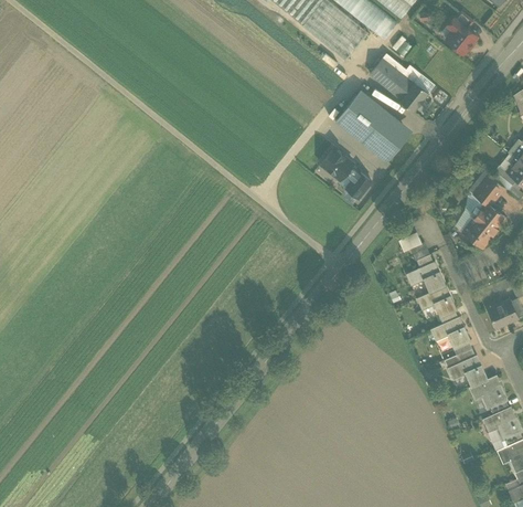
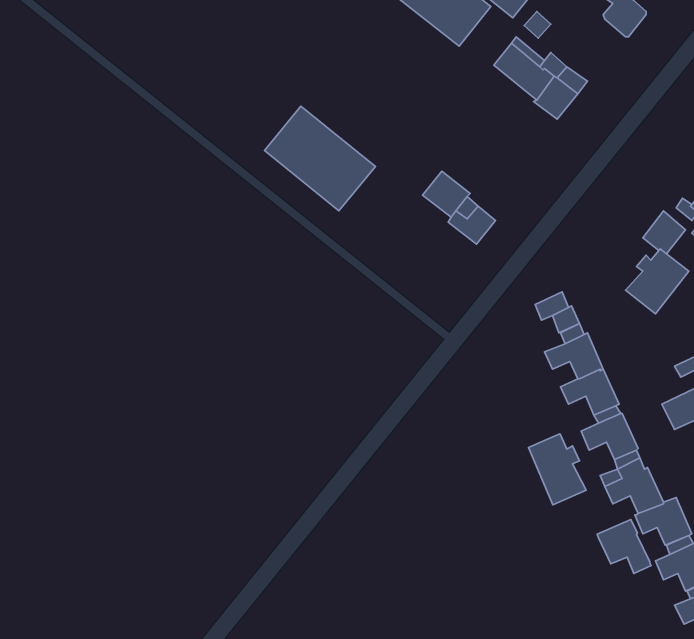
building: [334,88,412,161] -> [265,106,375,211]
building: none -> [528,434,586,505]
building: none -> [597,520,651,573]

